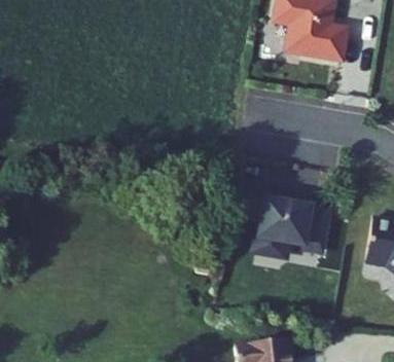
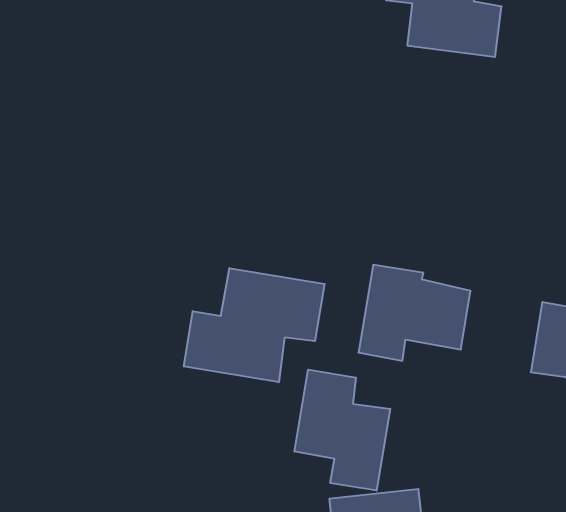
building: none -> [184,268,325,382]
building: none -> [294,370,390,491]

